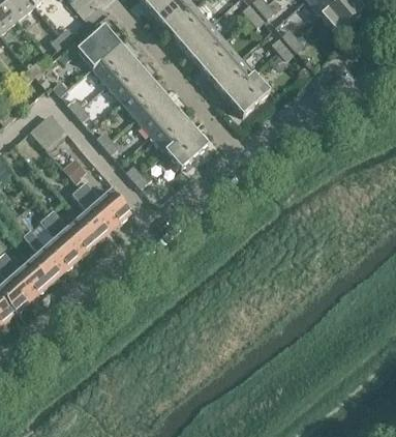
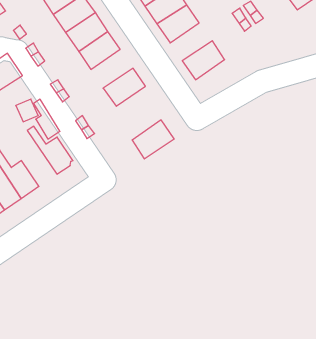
building: [212,56,254,96] -> none
building: [135,92,178,134] -> none
building: [165,126,208,168] -> [132,120,174,159]
building: [72,185,114,240] -> none

